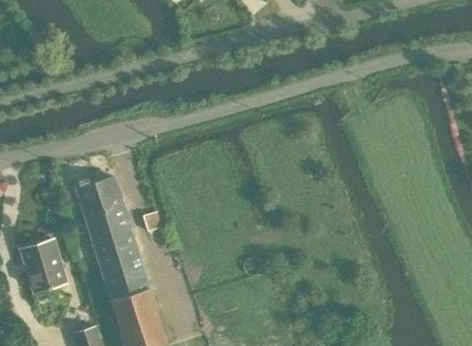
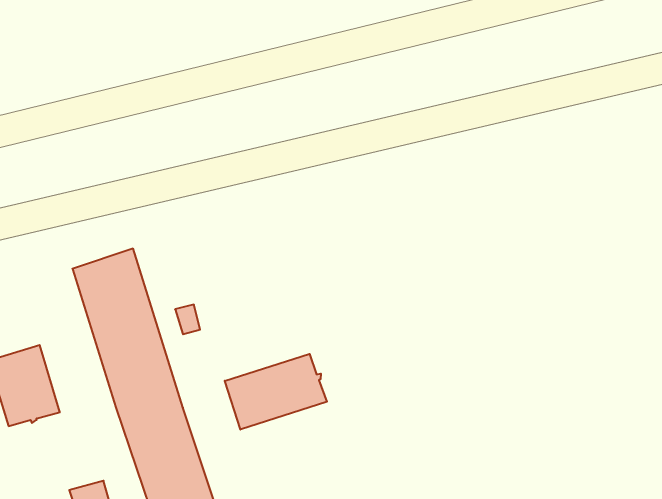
building: none -> [225,354,327,430]

